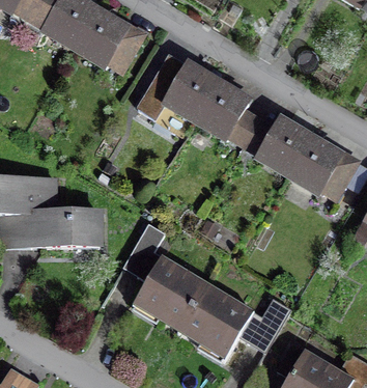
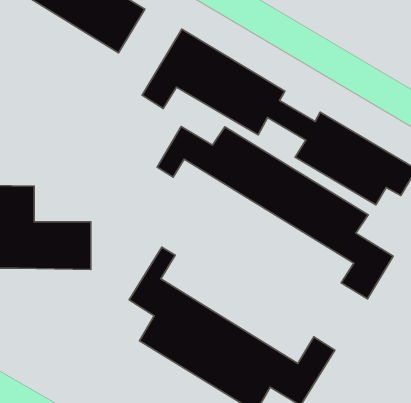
building: none -> [157,126,393,299]

